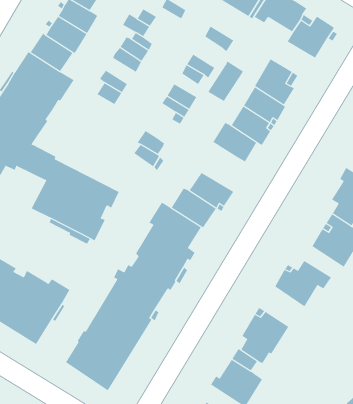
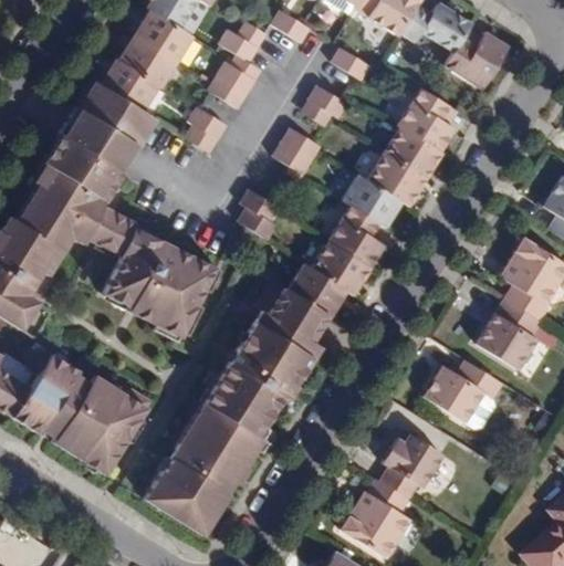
building: [208,61,244,102] -> none
building: none -> [327,207,385,270]

